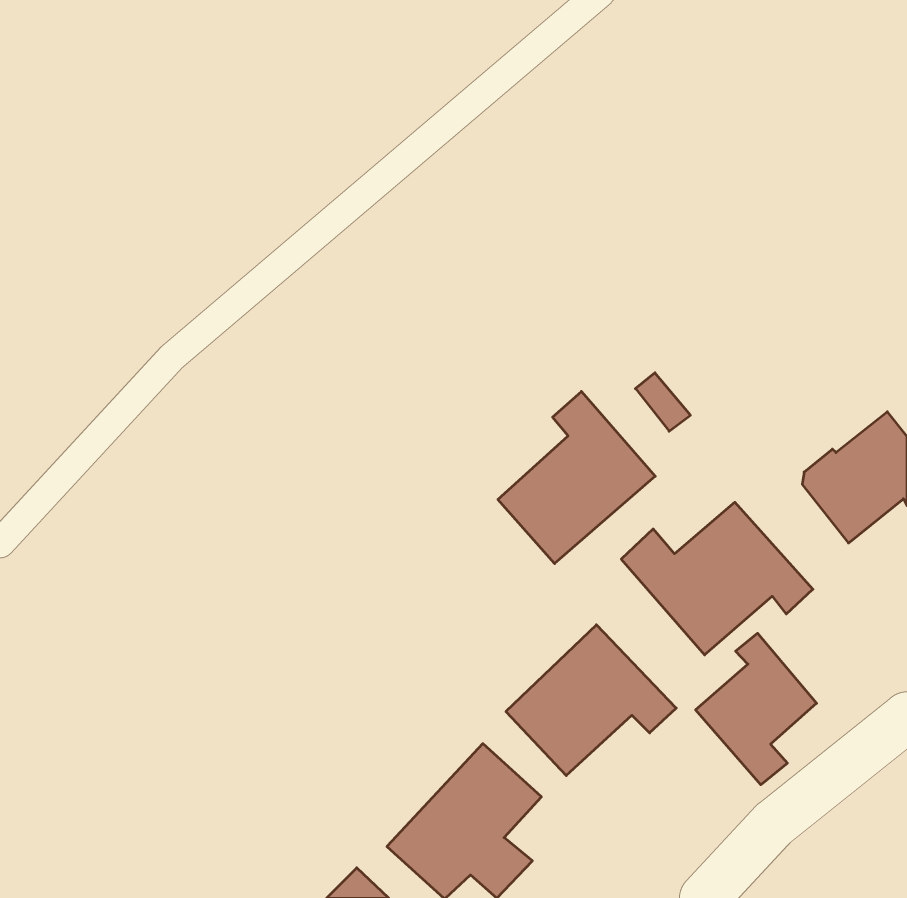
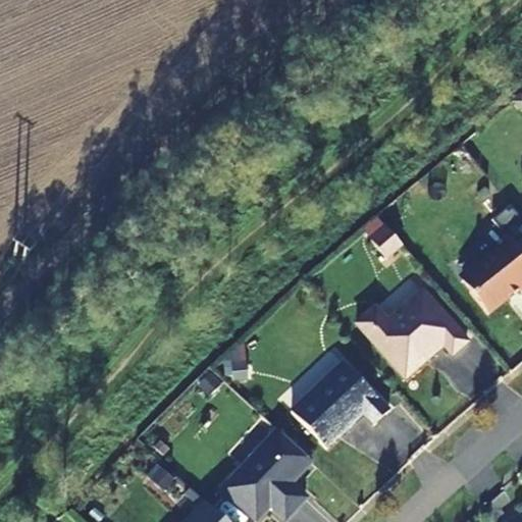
building: [498,391,655,564] -> none
building: [696,633,817,785] -> none

